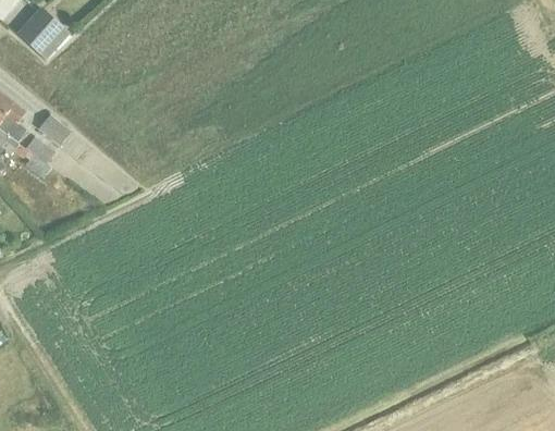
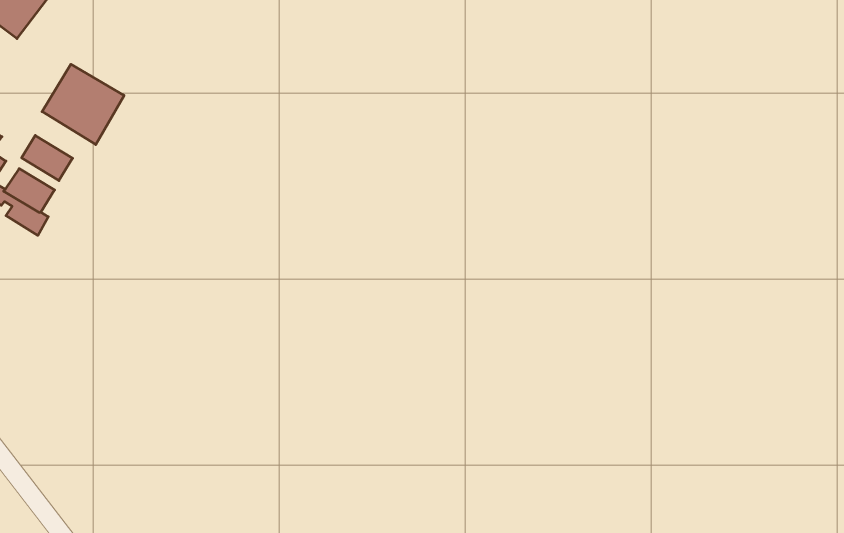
building: none -> [42,64,124,145]

